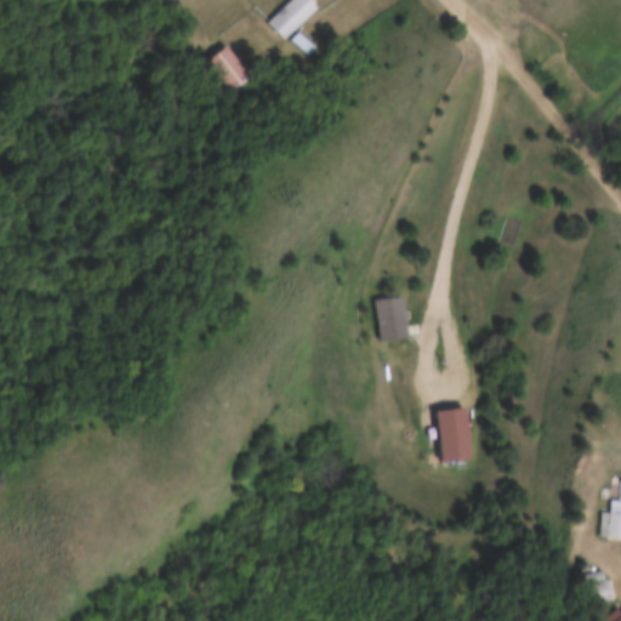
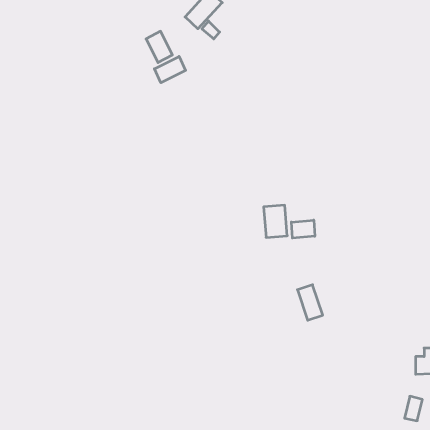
building: none -> [154,56,186,83]
building: none -> [291,220,315,238]

